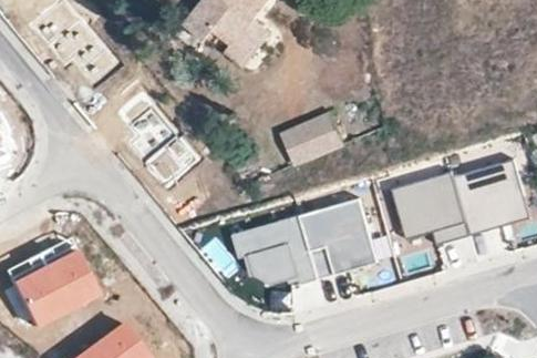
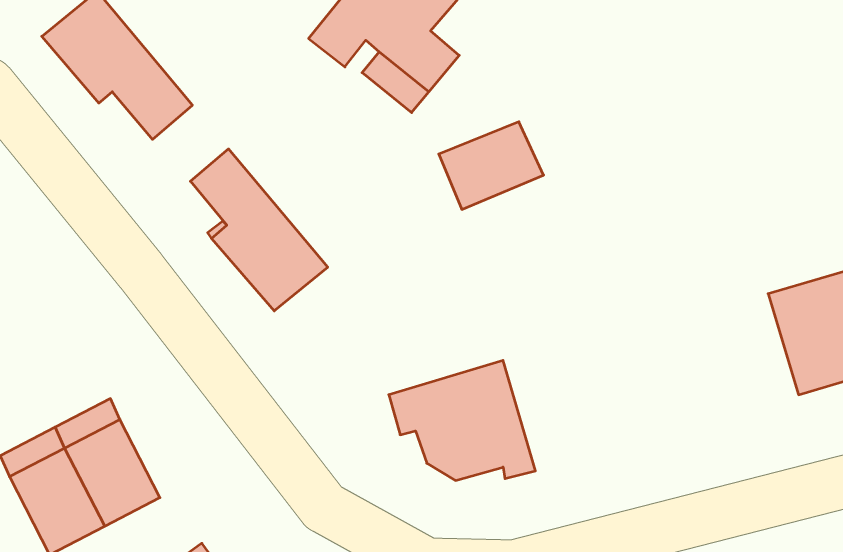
building: [281,116,342,167] -> [439,122,544,209]
building: [389,172,468,245] -> none
building: [297,198,375,279] -> none

